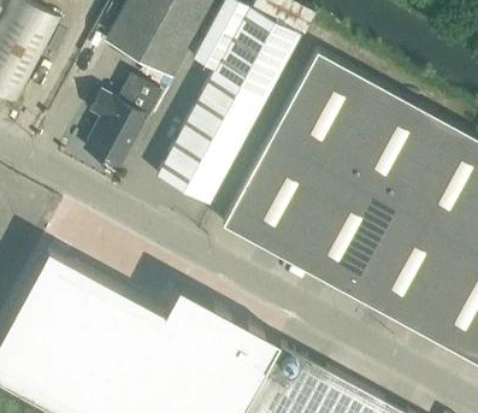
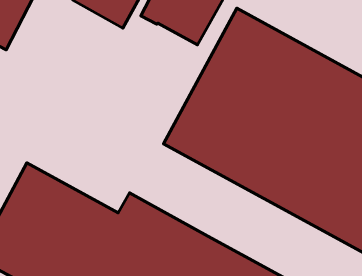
building: [157,71,265,206] -> none
building: [83,77,160,170] -> none

